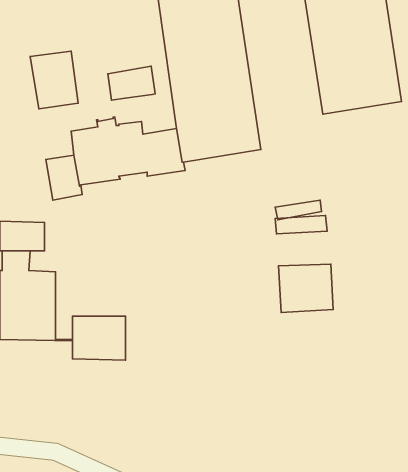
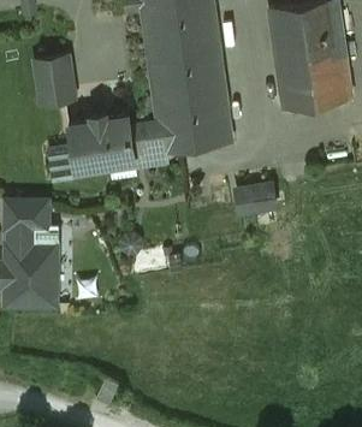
building: [108,66,155,100] -> none
building: [279,264,333,313] -> none
building: [72,316,125,360] -> none

